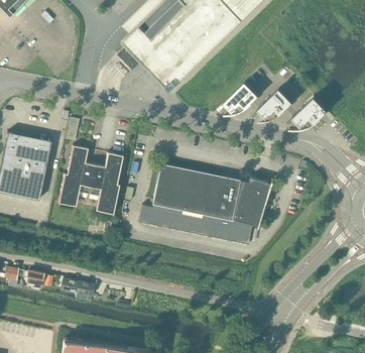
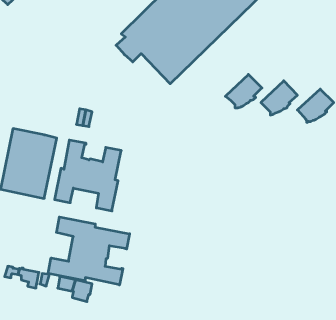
building: [139,163,272,244] -> none
building: none -> [48,217,130,285]

